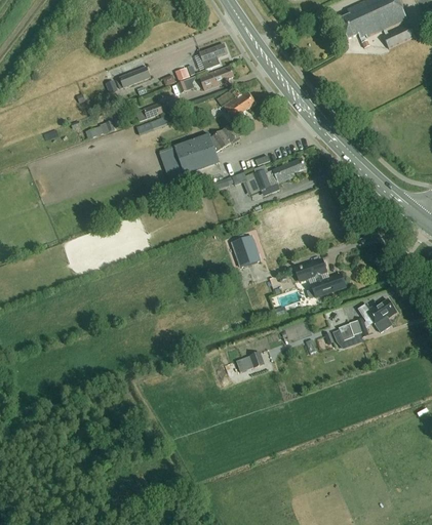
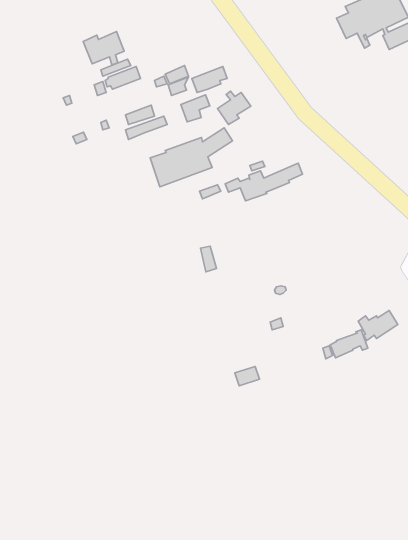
building: none -> [83,32,124,65]
building: [199,43,227,69] -> [181,95,210,122]
building: [232,233,263,267] -> none
building: [294,259,345,297] -> none

